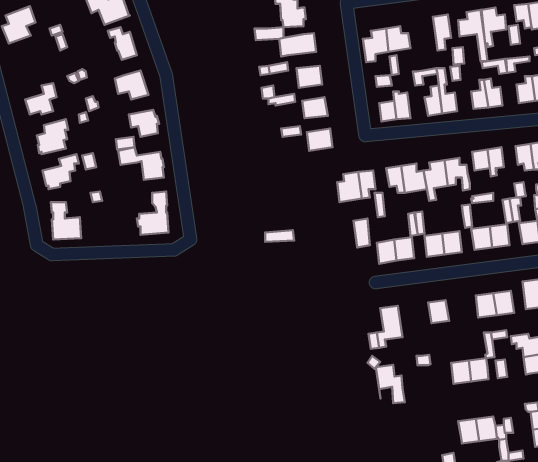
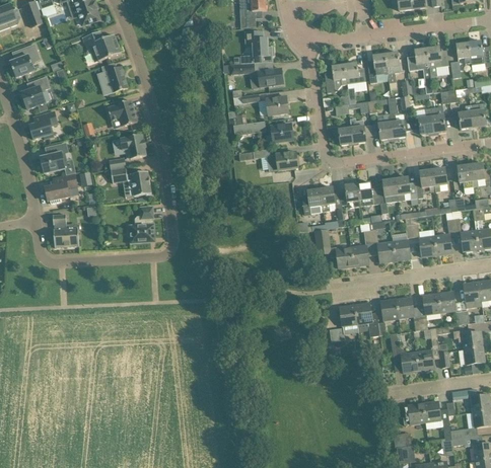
building: none -> [366,53,388,82]
building: none -> [21,75,50,108]
building: none -> [396,296,421,329]
building: [376,365,405,403] -> [354,302,379,335]

